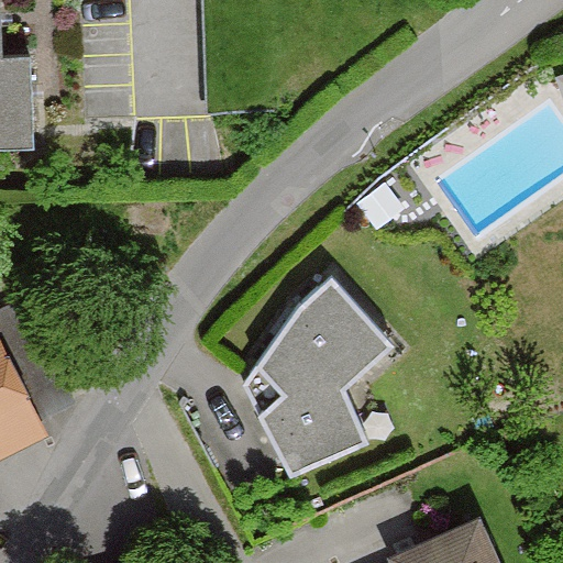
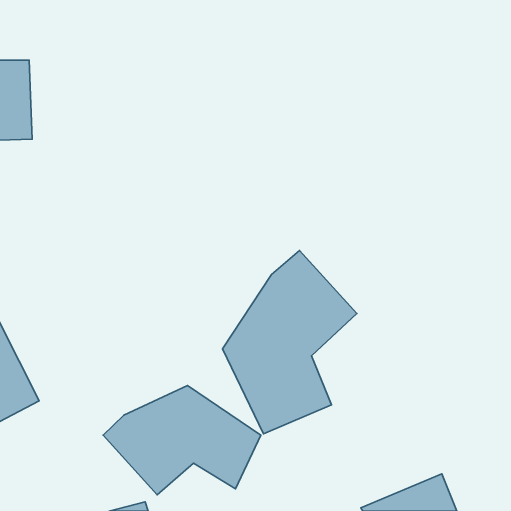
building: none -> [103,385,261,495]

